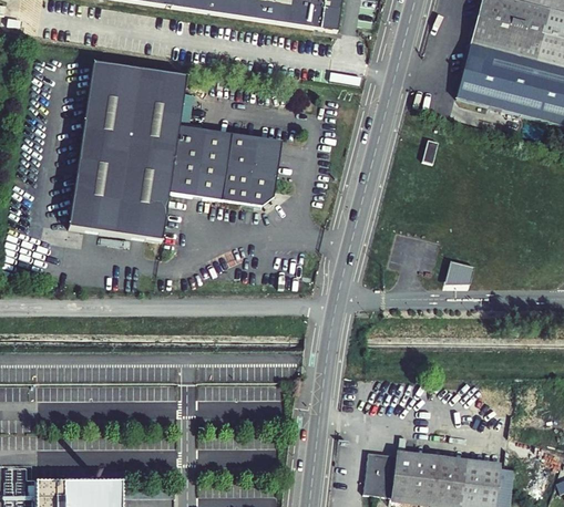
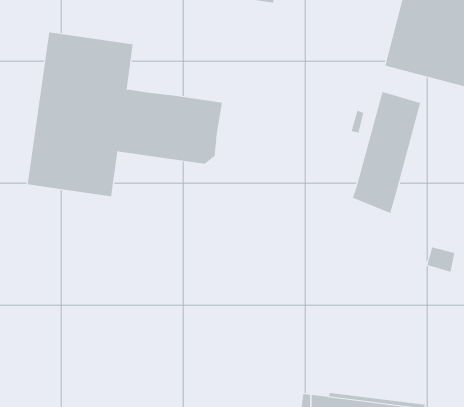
building: none -> [352,91,421,214]
building: [445,258,476,286] -> [427,247,455,272]

